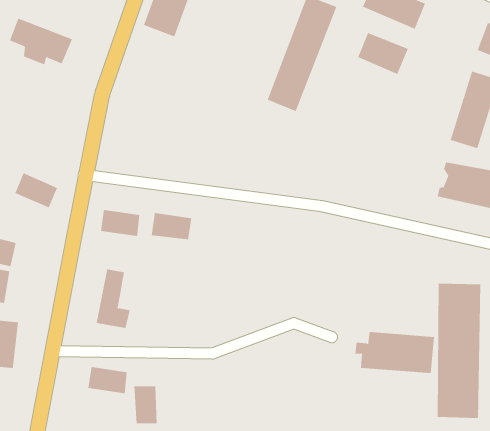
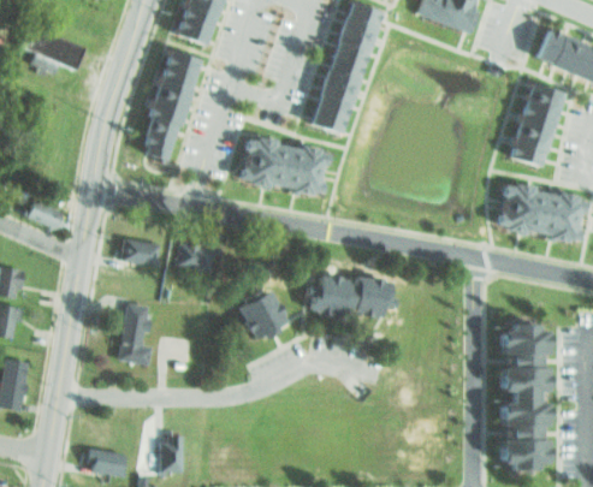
building: [357,32,409,75] -> none
building: none -> [135,44,208,162]
building: none -> [238,137,333,195]
building: none -> [236,286,289,339]
building: [355,331,435,374] -> [302,275,391,322]
building: [88,367,128,394] -> [87,449,131,479]

